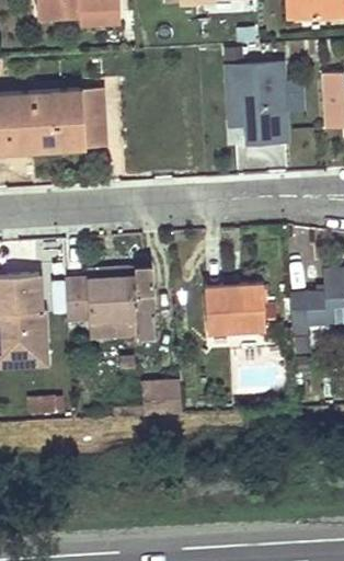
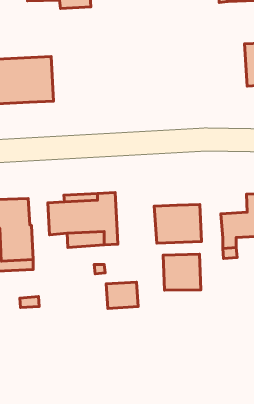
building: [229,64,286,141] -> none
building: [70,88,107,148] -> none
building: none -> [163,254,201,290]

